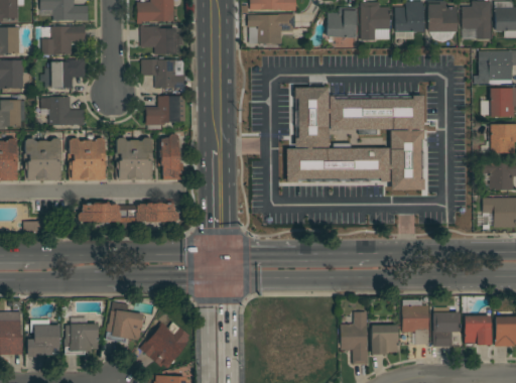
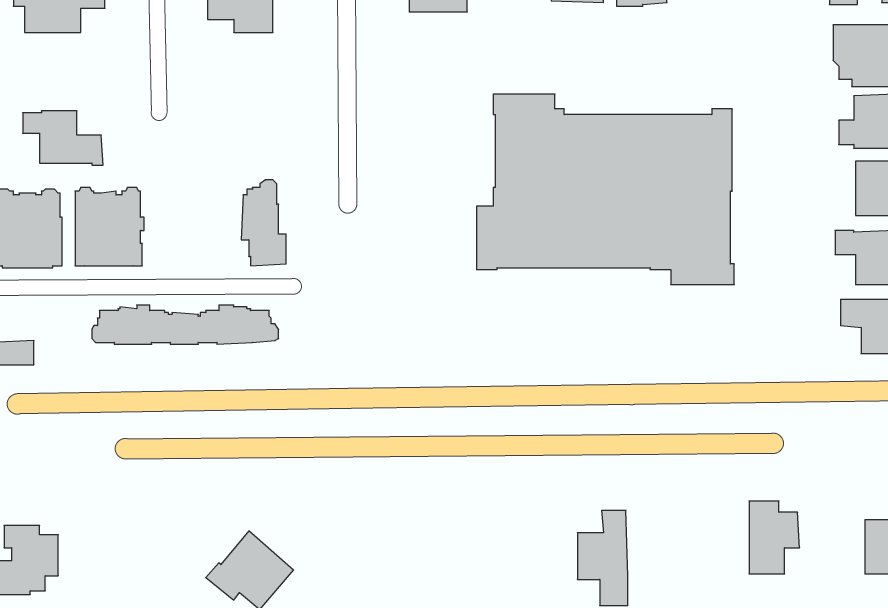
building: [51,58,86,88] -> none
building: [142,59,190,89] -> none
building: [146,97,185,130] -> none
building: [117,138,153,180] -> none
building: [402,300,429,345] -> none
building: [106,302,143,343] -> none
building: [465,315,491,346] -> none
building: [64,318,99,355] -> none
building: [372,326,398,355] -> none

